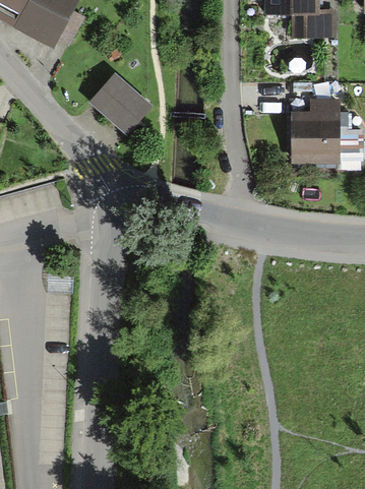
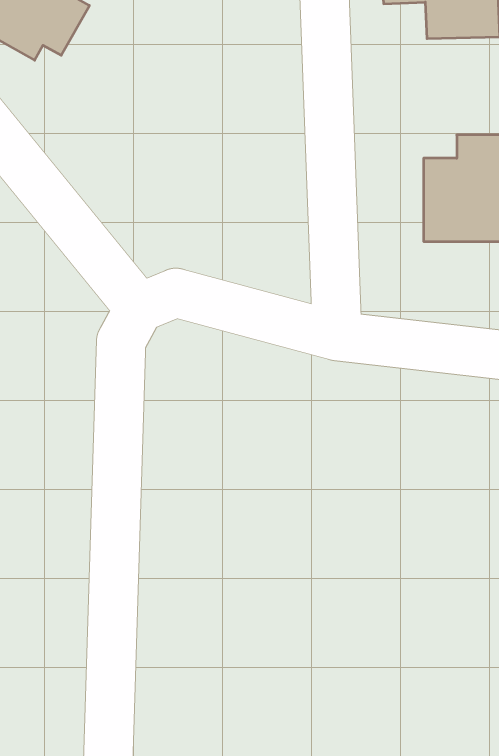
building: [89,73,150,133] -> none

